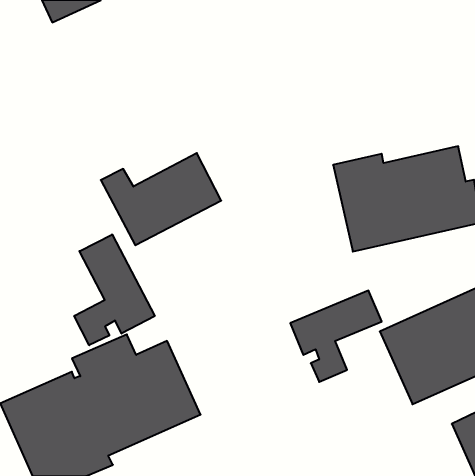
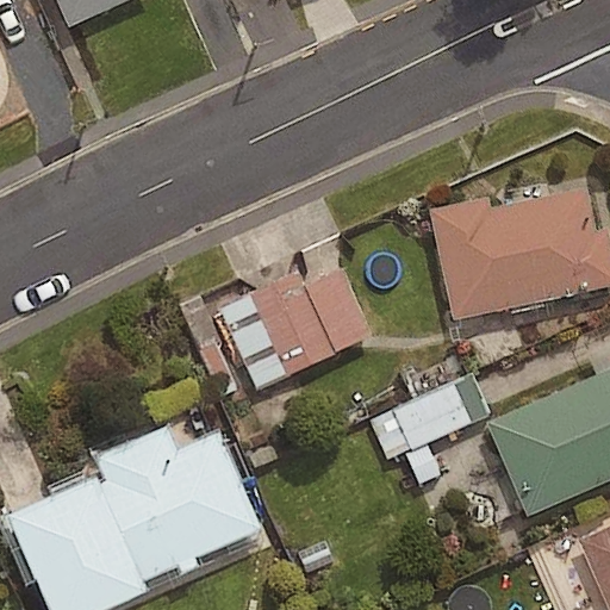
building: [101,153,221,245] -> [220,268,374,386]
building: [74,234,155,345] -> none

